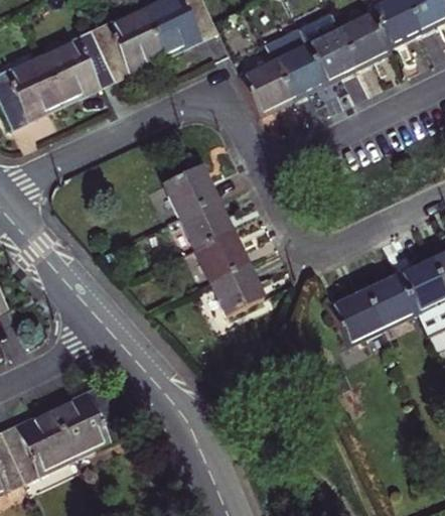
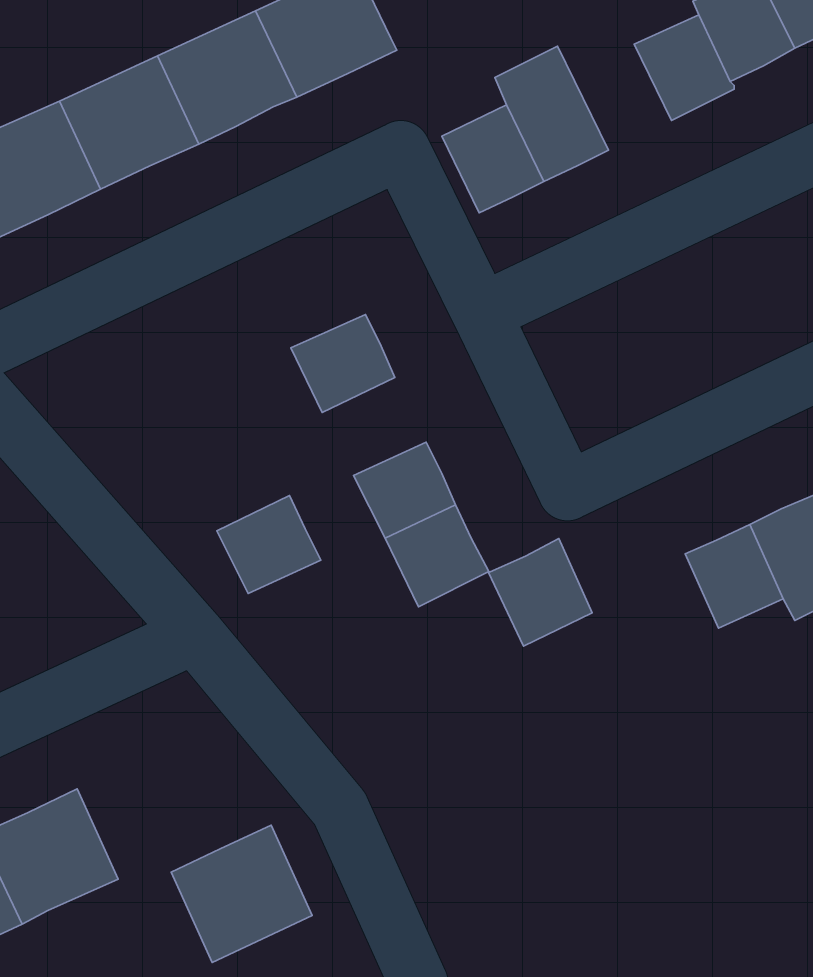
building: [299,12,359,85] -> none
building: [178,198,232,248] -> [217,495,321,593]
building: [328,288,382,344] -> [488,538,592,646]
building: [52,385,125,456] -> [171,825,312,962]

